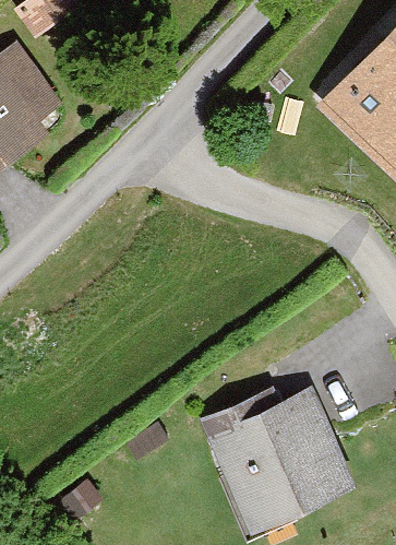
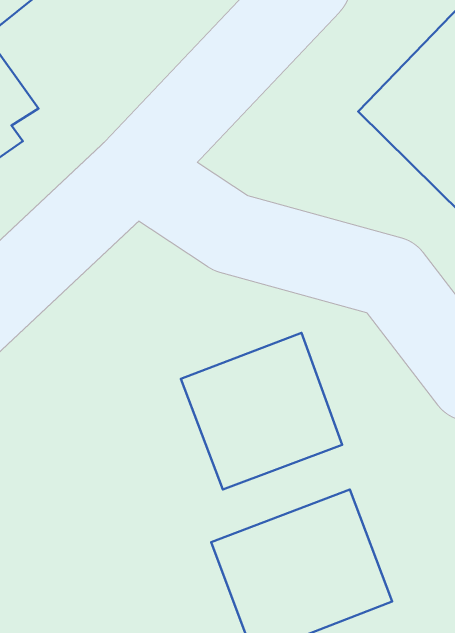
building: none -> [181,333,342,490]

